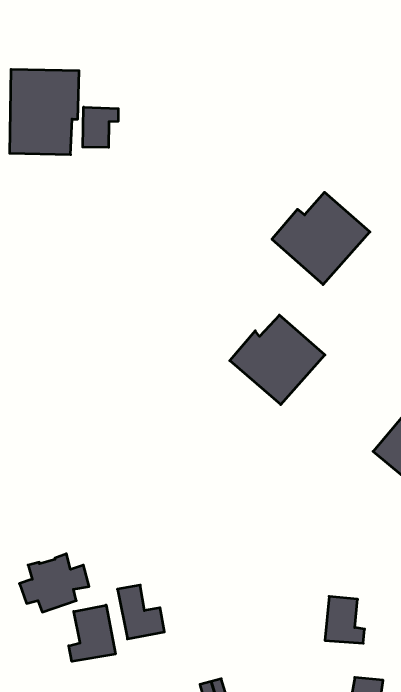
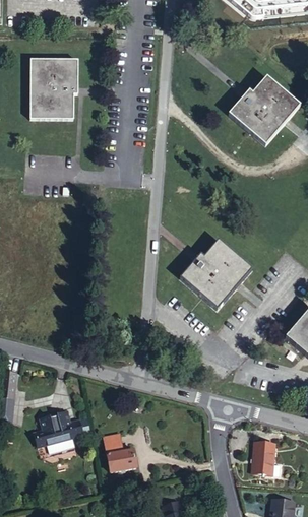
building: [83,107,118,147] -> none
building: [272,192,370,285] -> [224,80,294,146]
building: [69,605,115,661] -> none

